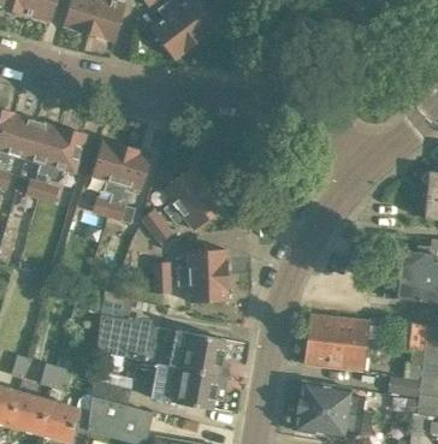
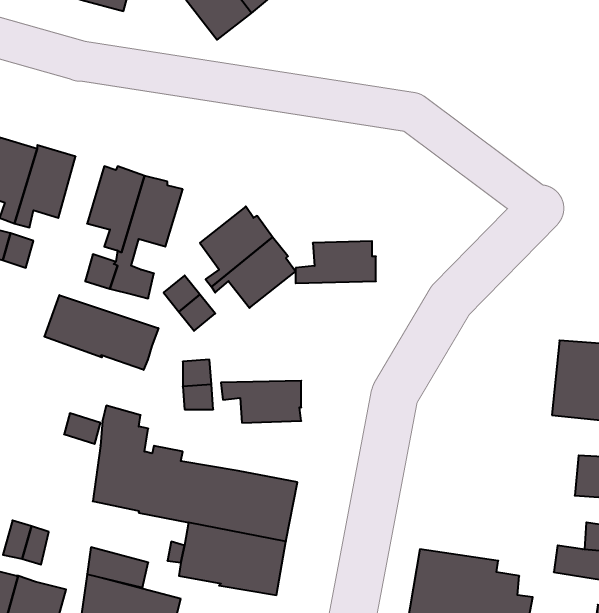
building: none -> [44,295,158,370]
building: [177,250,227,277] -> [296,241,376,283]
building: [304,314,384,371] -> none

